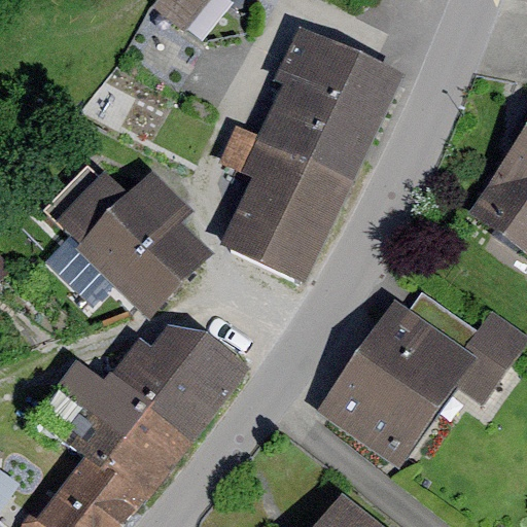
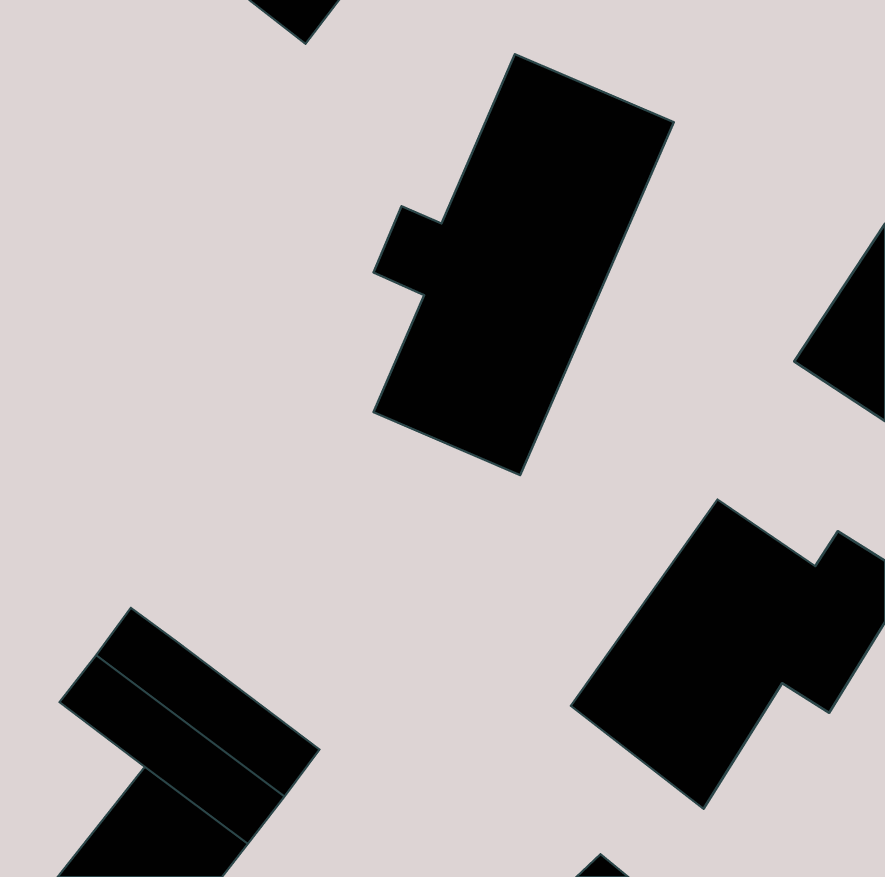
building: [46,168,227,330] -> none
building: [104,327,245,442] -> none

